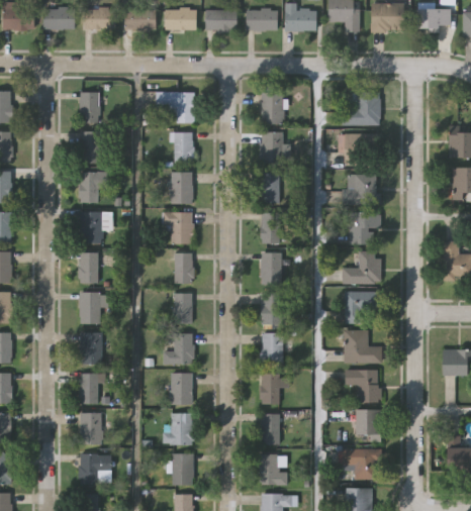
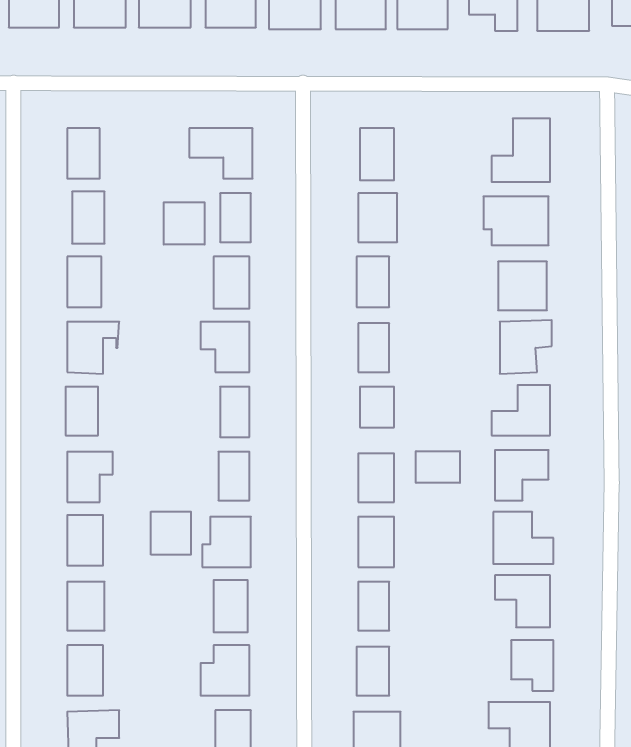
building: none -> [164,202,205,245]
building: none -> [416,451,460,483]
building: none -> [151,512,191,555]

